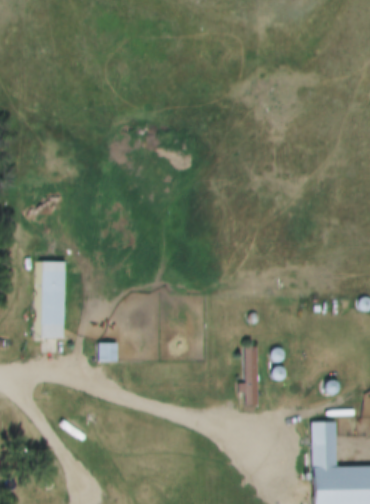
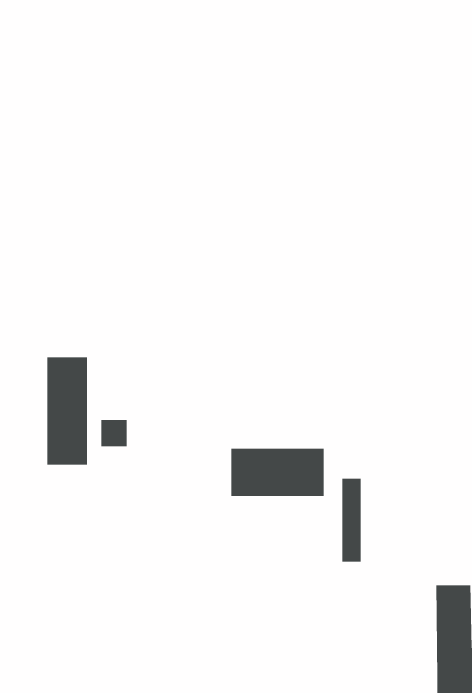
building: none -> [231,448,324,497]
building: [98,343,117,362] -> [101,420,128,447]

